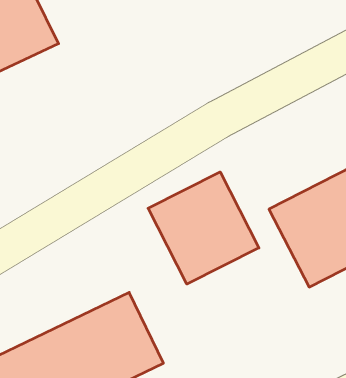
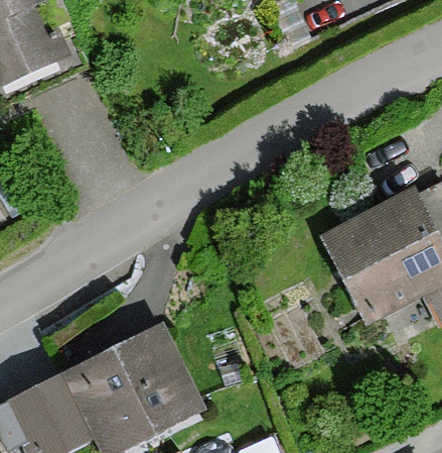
building: [148,172,259,284] -> none

